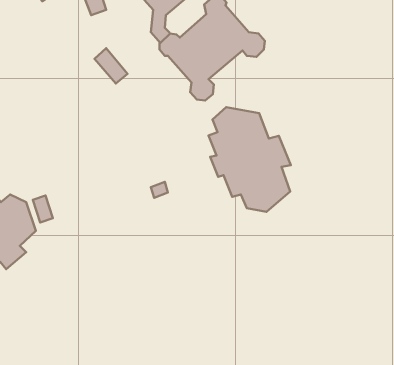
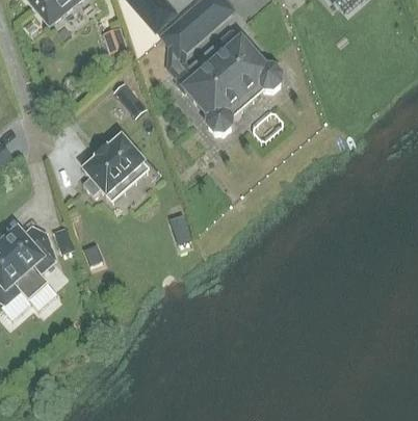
building: none -> [83,137,143,195]
building: [208,107,291,212] -> none

